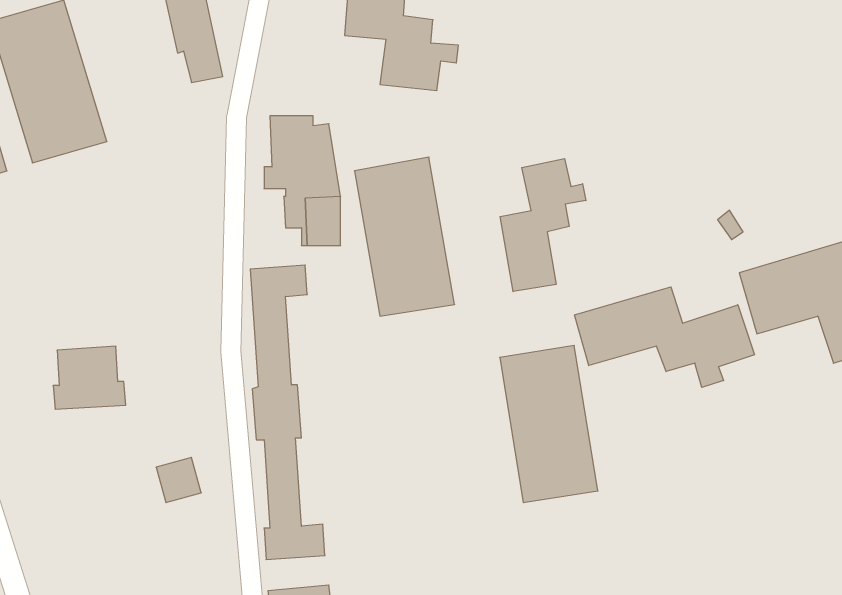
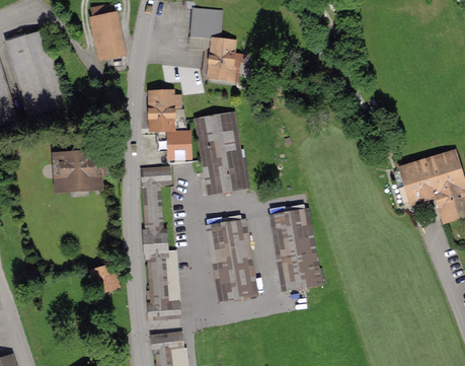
building: [500,159,586,292] -> none
building: [575,287,754,387] -> none
building: [53,346,126,409] -> [60,153,97,186]
building: none -> [207,218,257,300]

